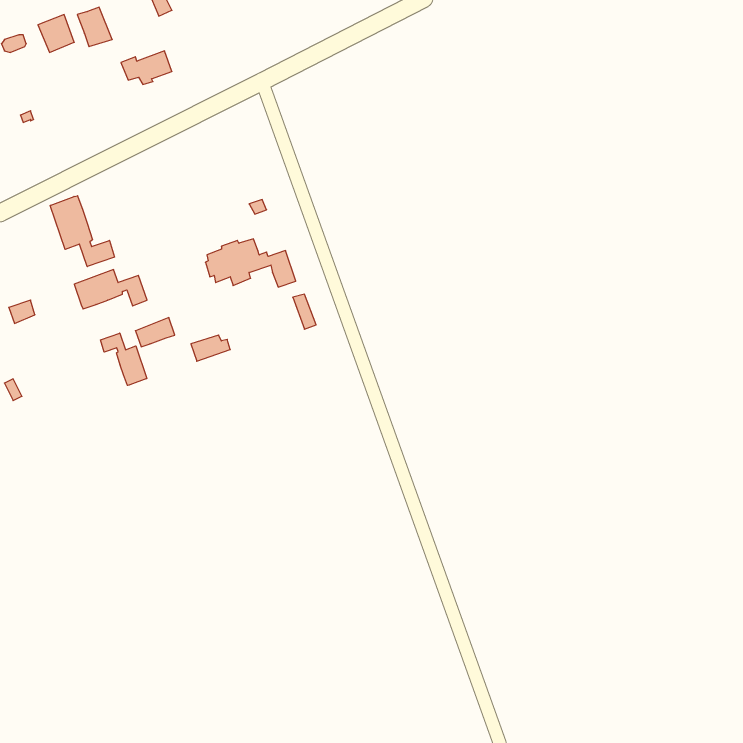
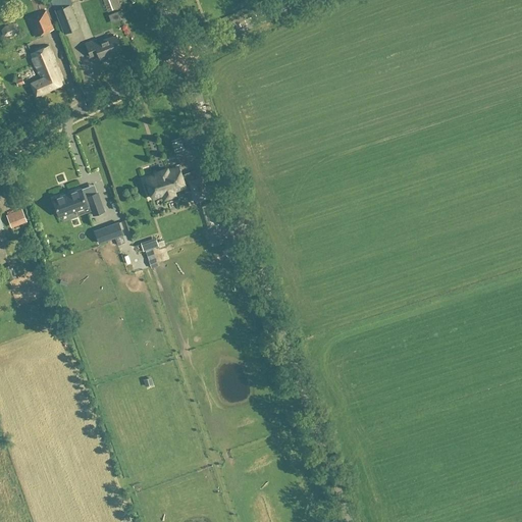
building: none -> [31,46,64,96]
building: [50,196,115,267] -> none
building: [100,333,147,385] -> none

